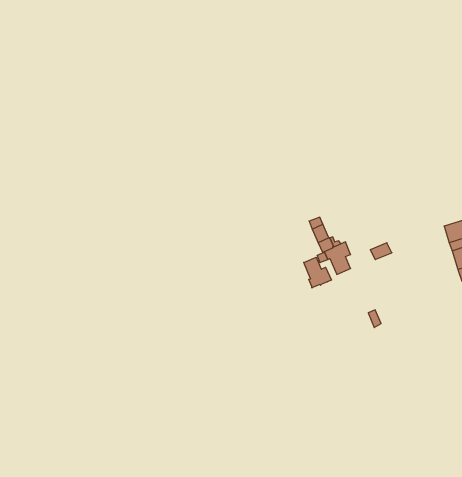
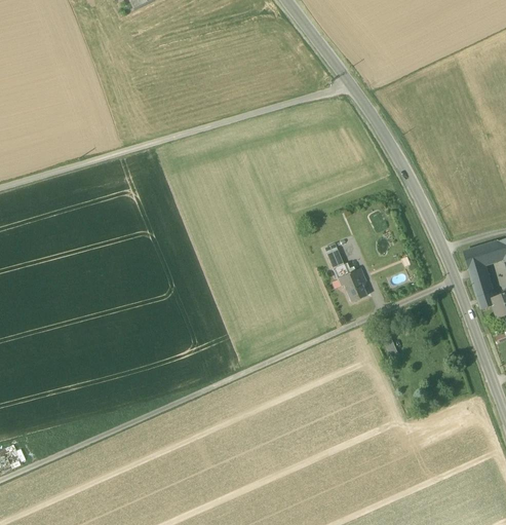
building: [304,257,332,288] -> none

